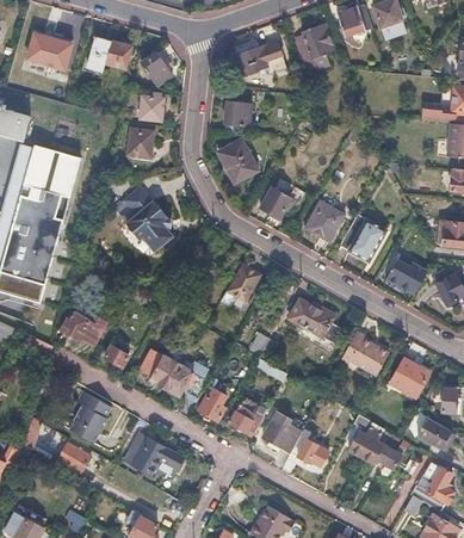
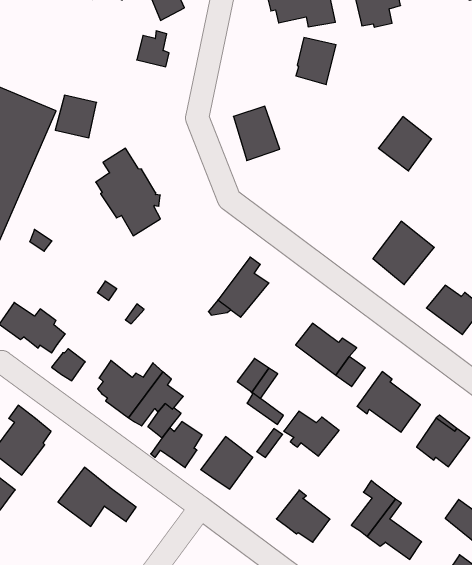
building: [224,99,252,132] -> [296,38,336,85]
building: [124,126,153,156] -> [55,95,97,138]
building: [259,186,290,216] -> none
building: [303,199,342,240] -> [378,117,432,171]
building: [261,419,303,451] -> [284,411,339,456]

